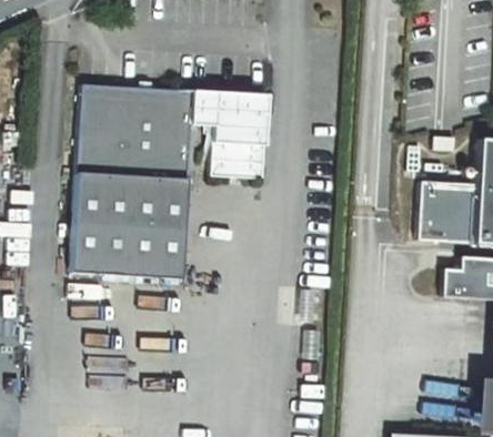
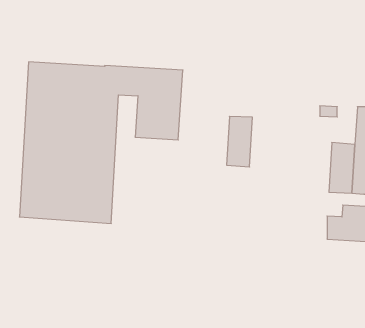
building: [419,181,450,242] -> [227,116,252,167]

